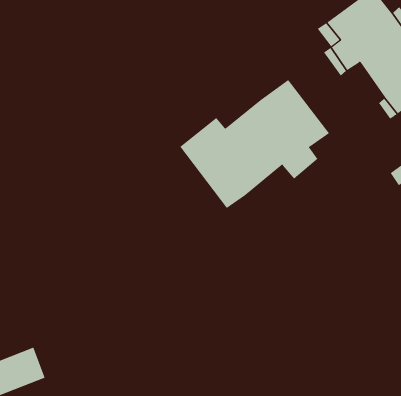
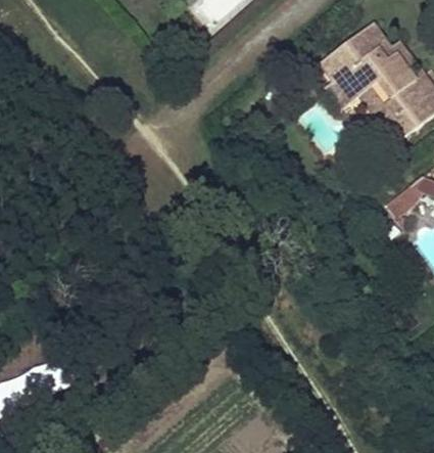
building: [180,79,330,209] -> none

